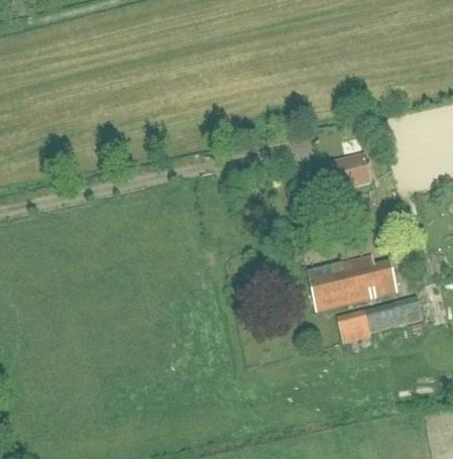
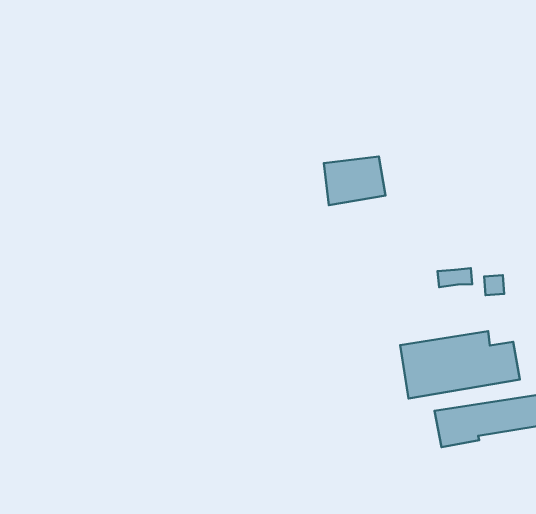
building: [324,153,369,191] -> [324,156,385,205]

